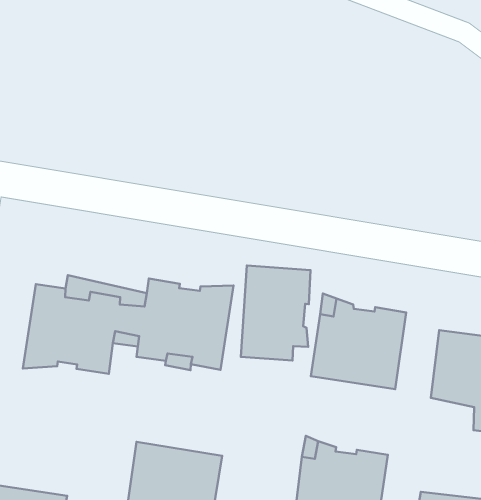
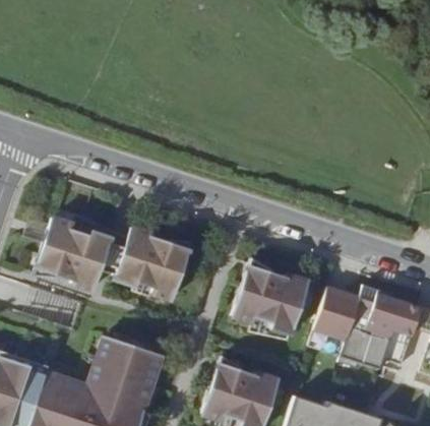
building: [241,265,311,361] -> none

